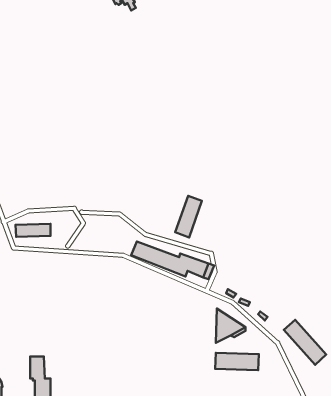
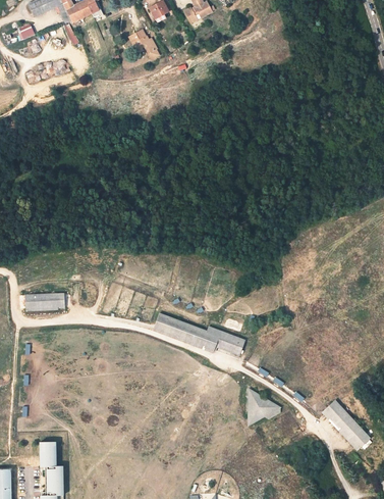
building: [175,196,202,237] -> none
building: [215,353,259,370] -> none

